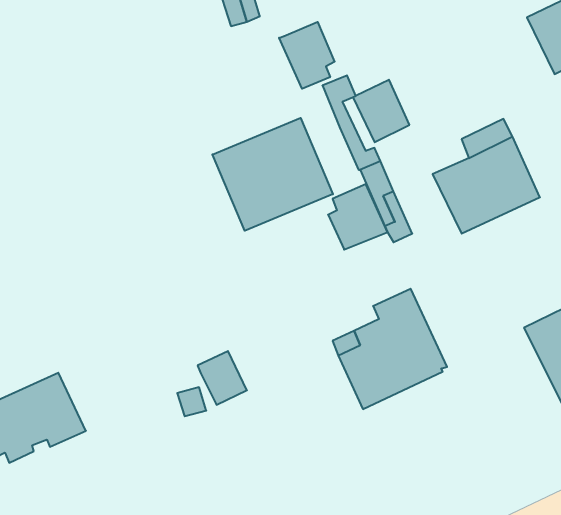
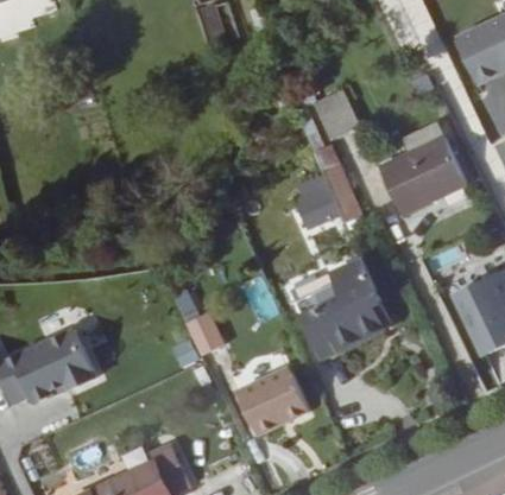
building: [279,22,335,89] -> none
building: [212,118,333,231] -> none
building: none -> [235,366,309,436]

